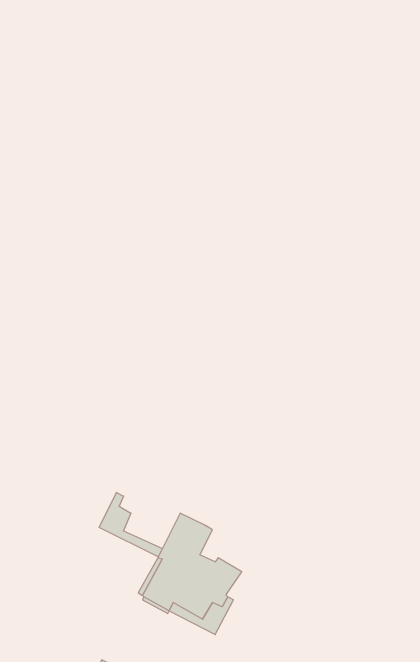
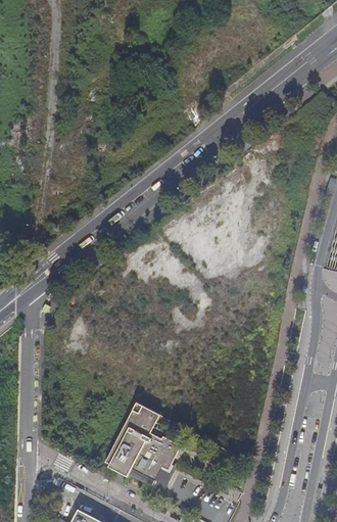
building: [99,492,162,557] -> none

